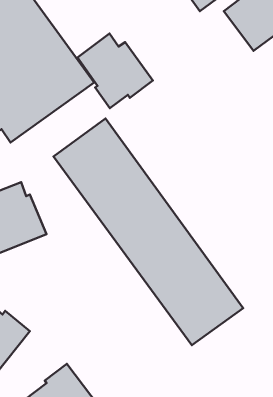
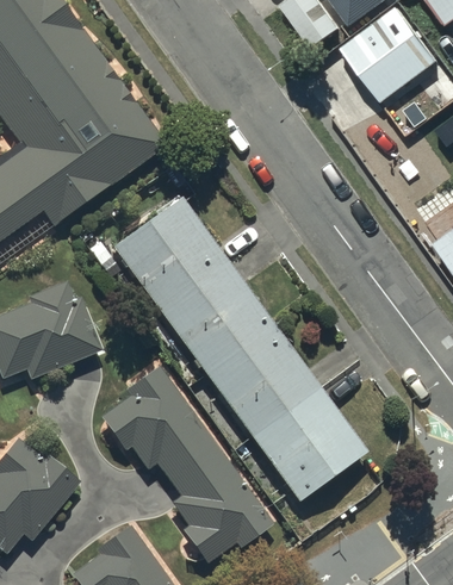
building: [77,34,153,108] -> none
building: none -> [101,361,274,561]

